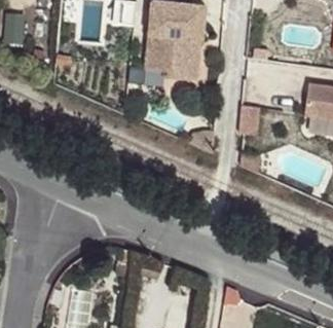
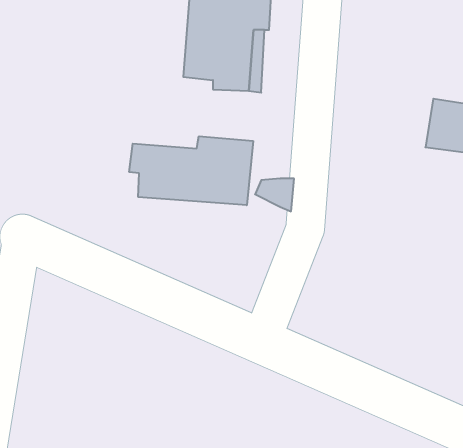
building: none -> [129,136,253,205]

